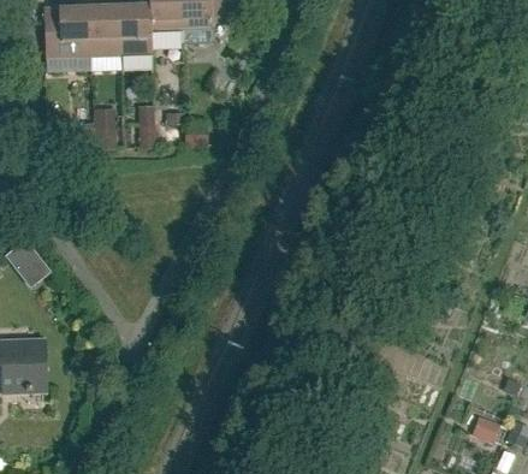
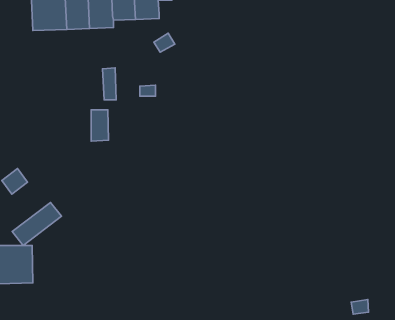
building: [95,109,118,150] -> [91,110,109,141]
building: none -> [12,202,61,245]

